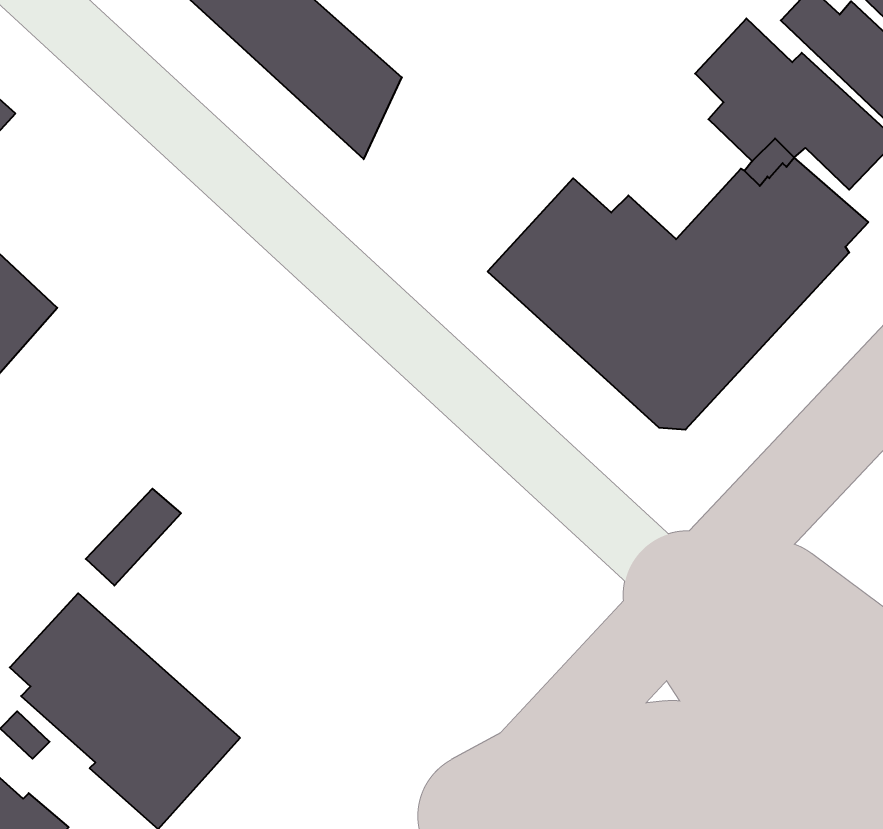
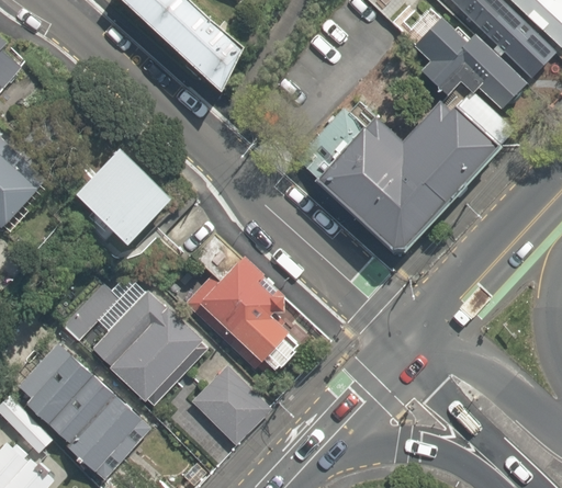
building: none -> [69,141,180,251]
building: none -> [183,257,299,375]
building: none -> [92,290,202,401]
building: none -> [190,364,271,446]

